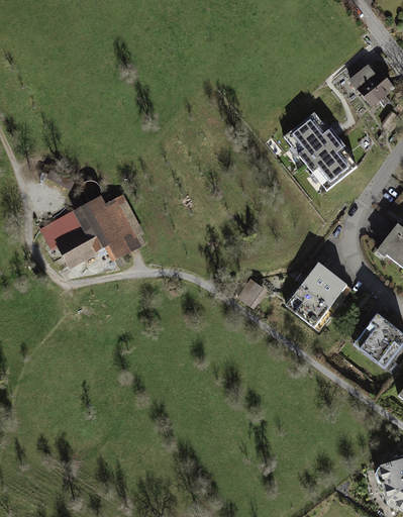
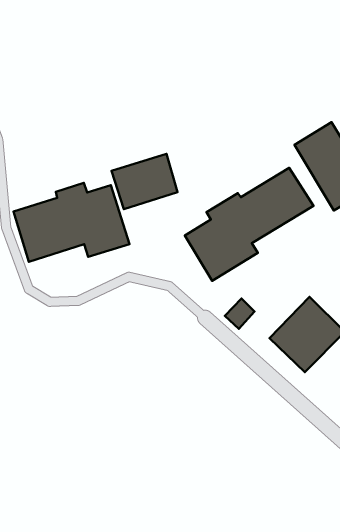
building: none -> [185,168,313,281]
building: none -> [112,154,178,209]

